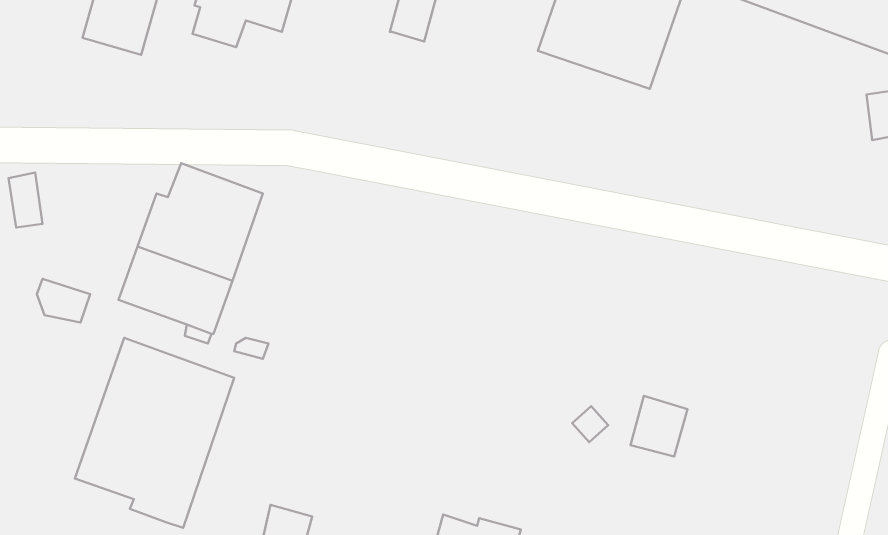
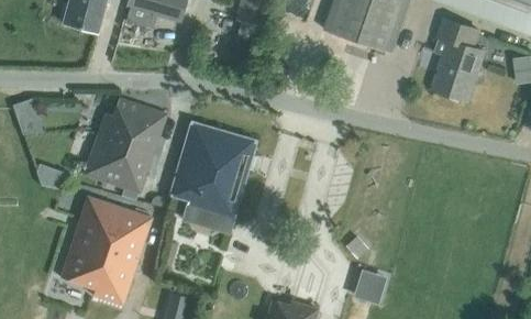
building: none -> [434,19,485,100]
building: none -> [169,122,255,233]
building: [631,396,688,457] -> [355,267,388,302]

